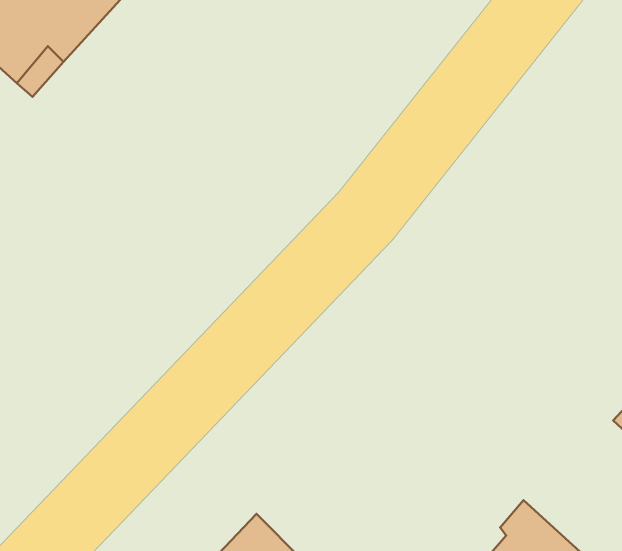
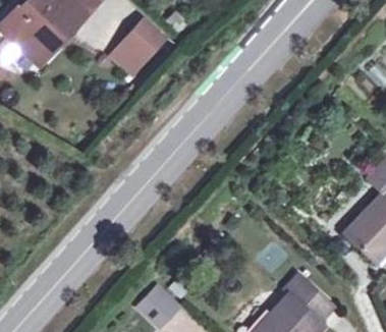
building: none -> [109,21,162,76]

